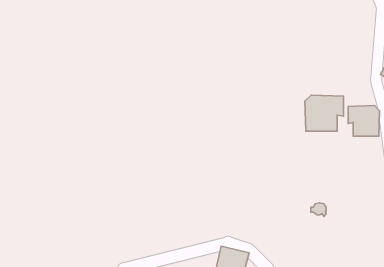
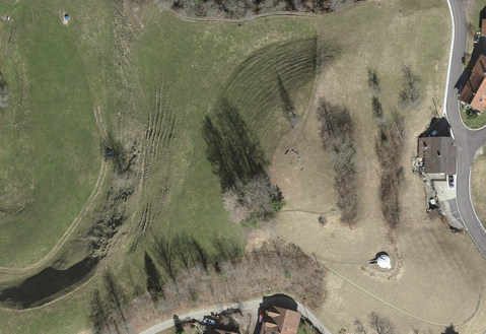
building: [305,95,344,131] -> none

